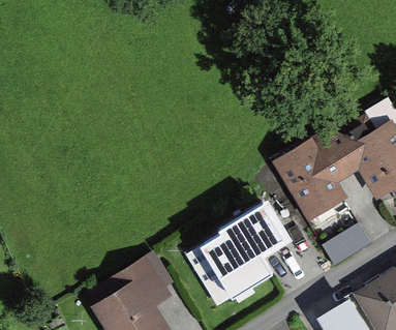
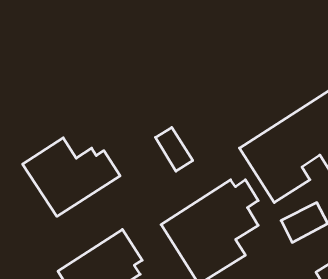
building: none -> [155,127,193,171]
building: none -> [23,138,120,216]

